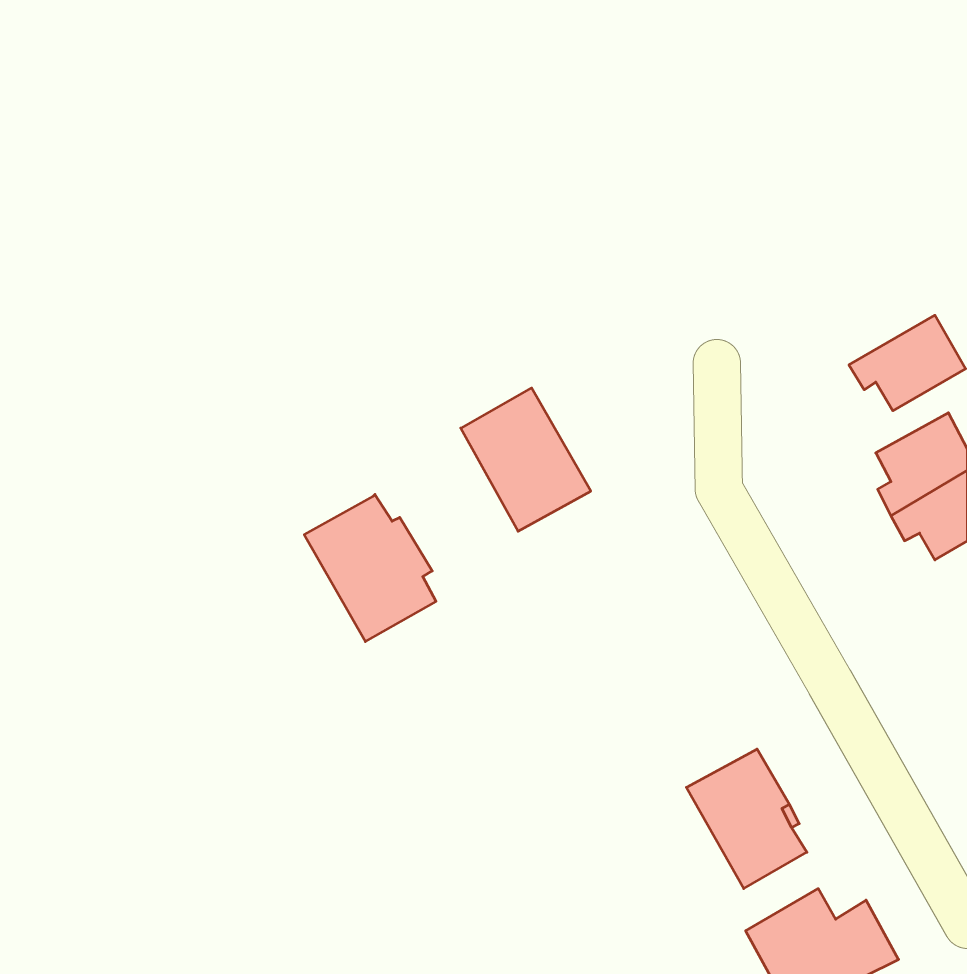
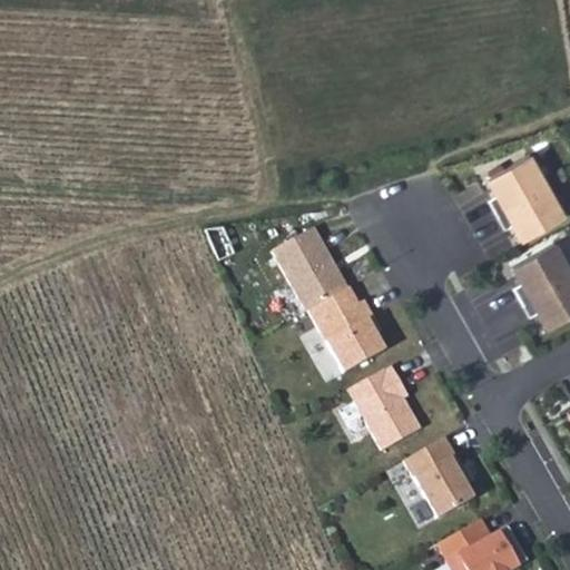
building: none -> [489,154,549,214]
building: [304,494,436,642] -> [308,286,385,372]
building: none -> [348,365,422,450]

